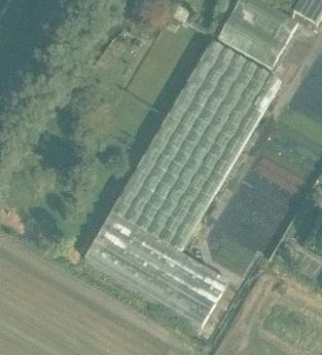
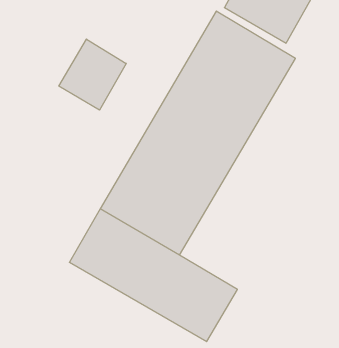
building: none -> [59,39,126,110]

